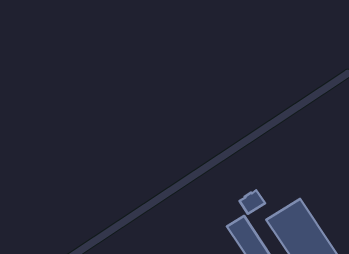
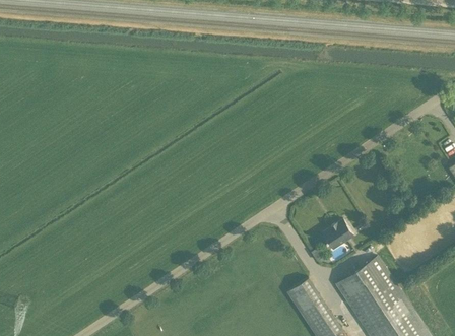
building: [240,190,265,214] -> [322,222,353,252]

